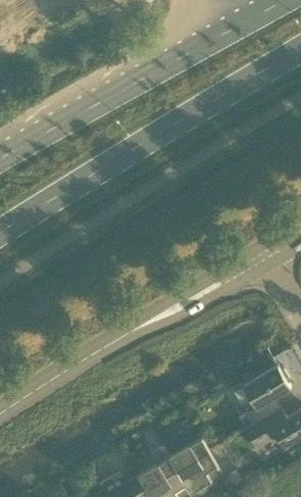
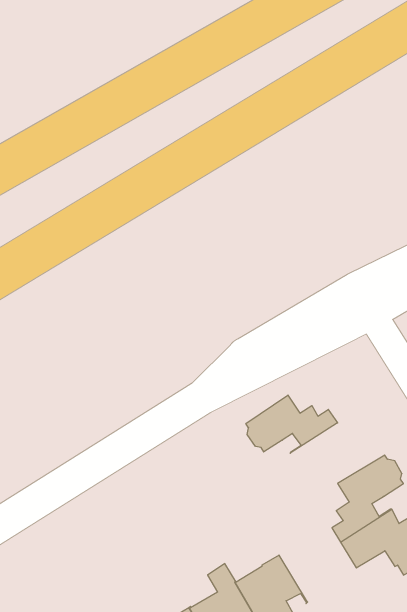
building: none -> [246,395,338,453]

